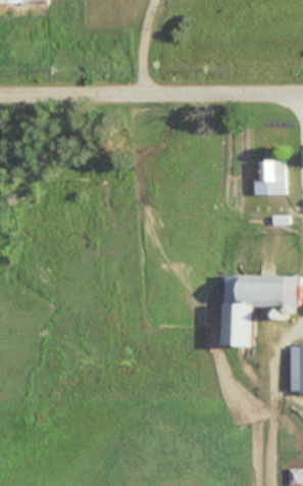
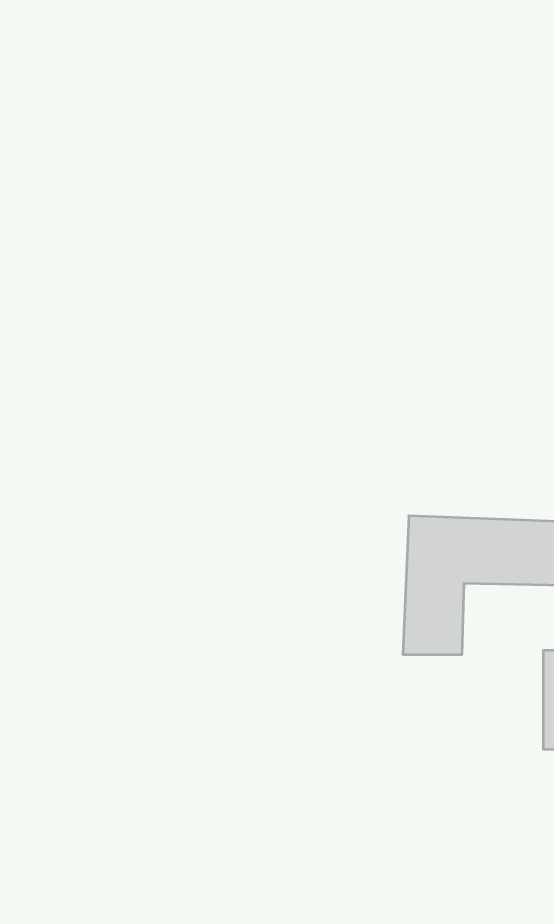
building: [259,160,288,187] -> none

